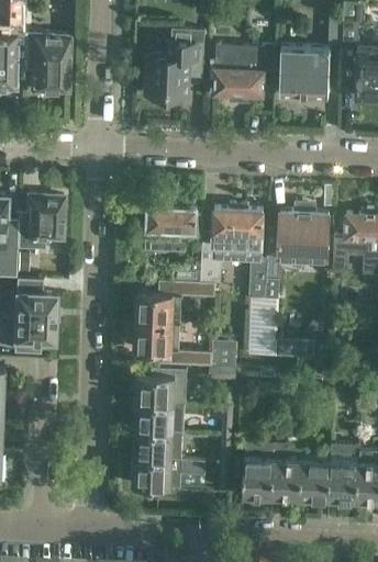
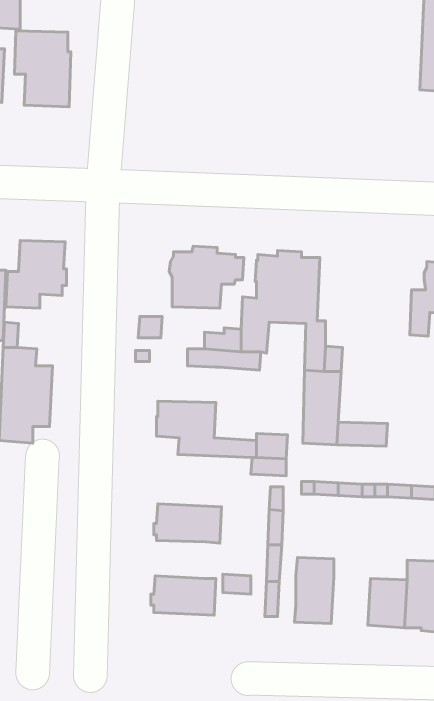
building: [146,31,204,98] -> none
building: [209,46,276,100] -> none
building: [279,47,331,102] -> none
building: [267,209,330,279] -> none
building: [136,294,181,324] -> none
building: [134,368,187,405] -> none
building: [132,431,174,461] -> none
building: [271,446,302,497] -> none

